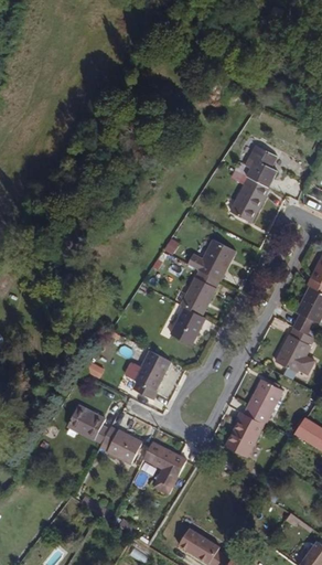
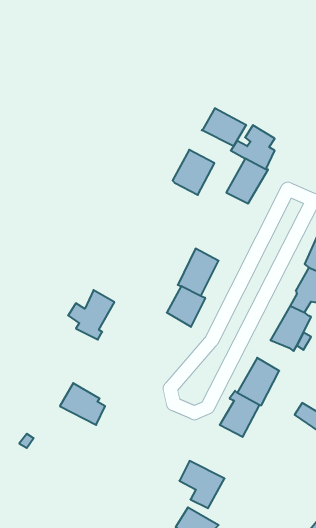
building: none -> [202,108,246,146]
building: [195,235,237,280] -> [173,150,214,195]
building: [126,349,172,398] -> [68,290,114,340]
building: [96,424,140,463] -> none
building: [140,439,185,487] -> [179,461,225,508]

